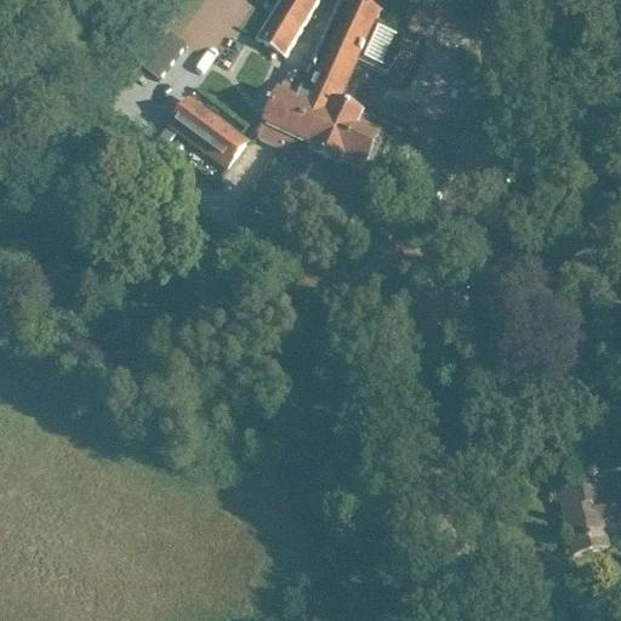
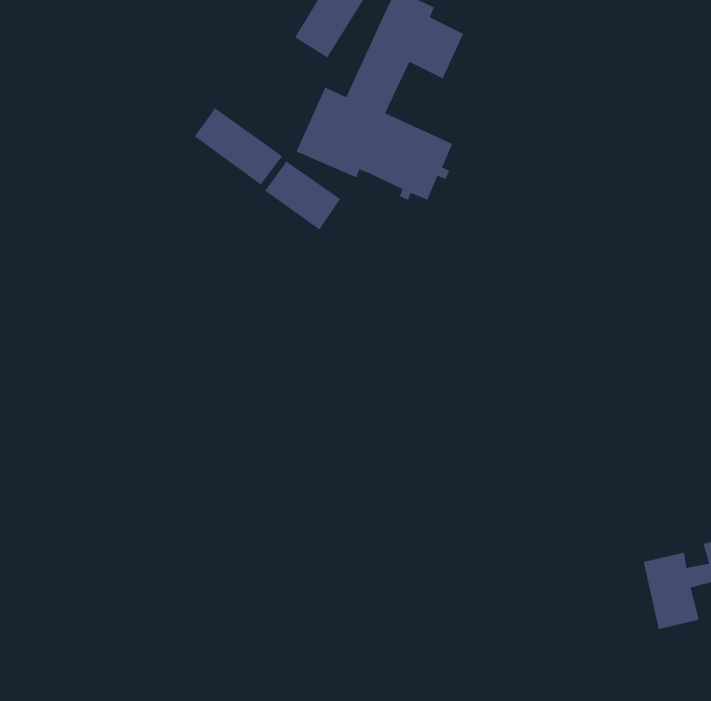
building: [142,24,187,74] -> none
building: none -> [264,160,341,231]

